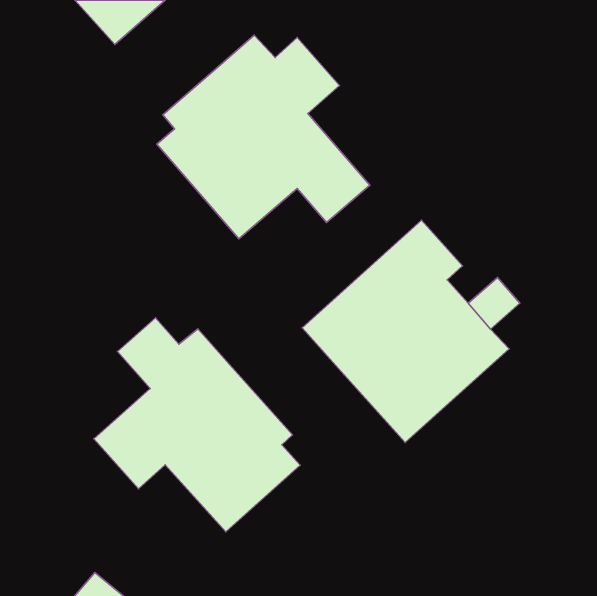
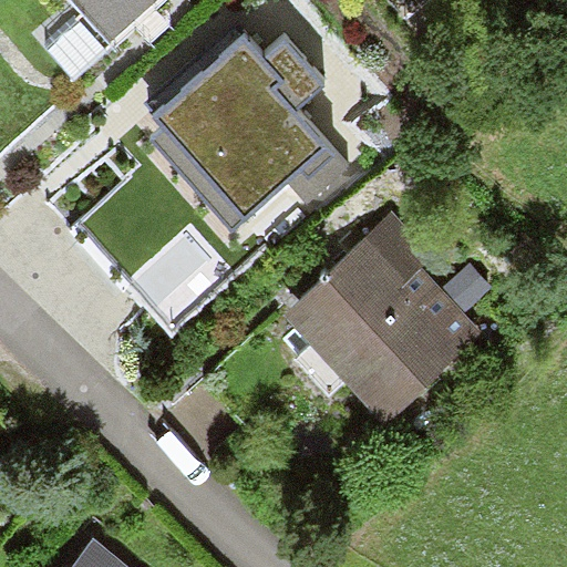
building: [94,318,300,532] -> none

